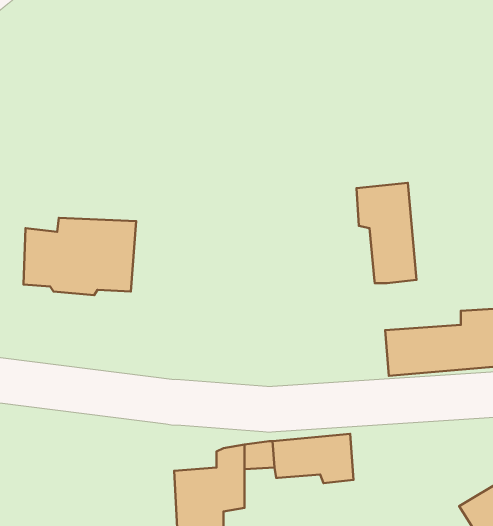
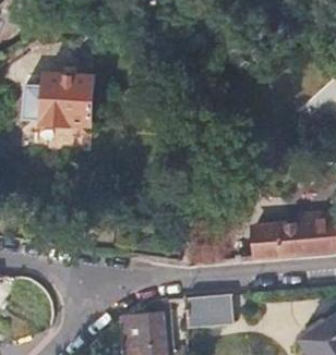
building: [356,183,416,283] -> none
building: [24,218,136,295] -> [23,77,93,125]

